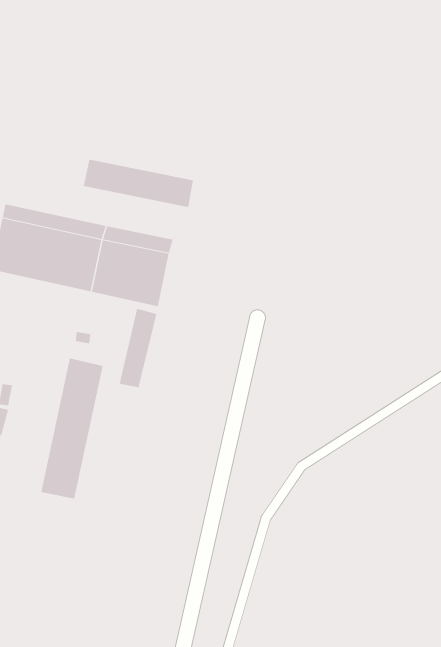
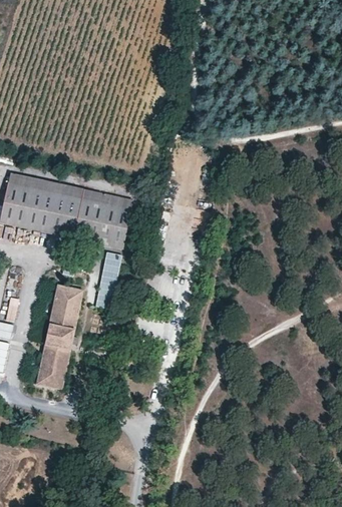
building: [83,159,194,208] -> none

